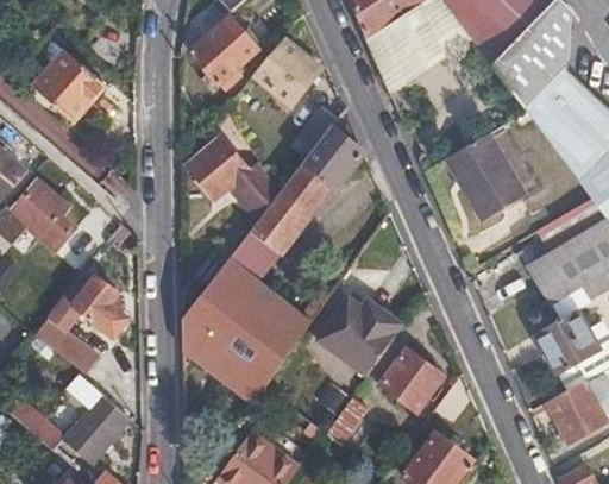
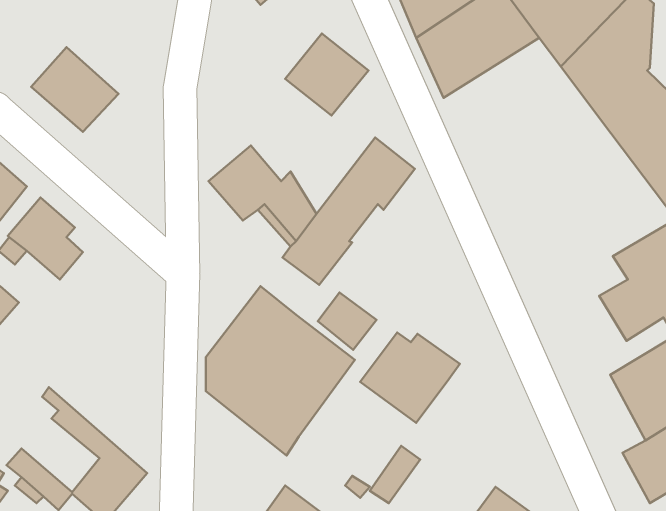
building: [188,15,259,86] -> none
building: [444,132,527,222] -> none
building: [230,232,281,282] -> [318,292,376,350]
building: [33,274,131,372] -> none
building: [365,338,445,414] -> none

